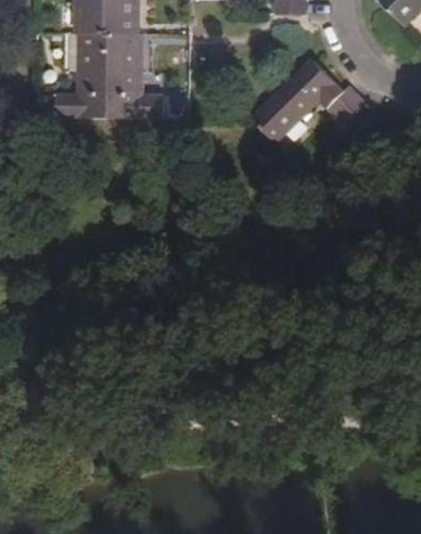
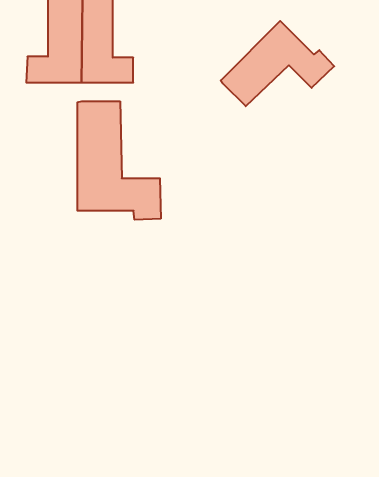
building: none -> [77,101,161,220]

